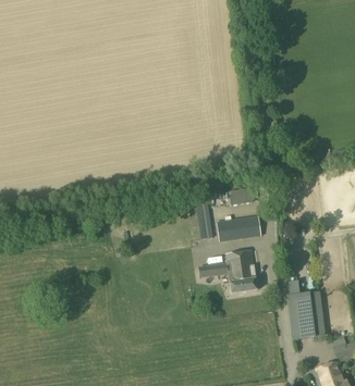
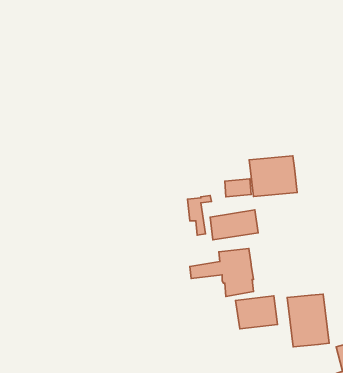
building: none -> [249,156,297,197]
building: none -> [235,296,277,329]

